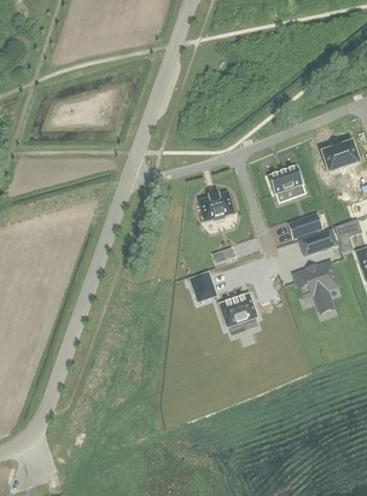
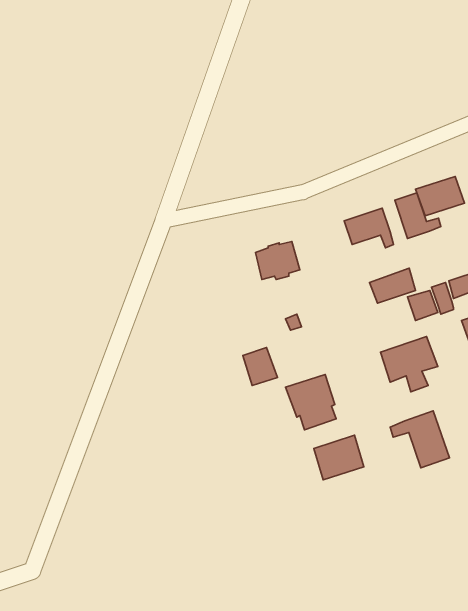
building: none -> [395,193,441,239]
building: none -> [390,411,449,468]
building: none -> [314,435,364,480]

